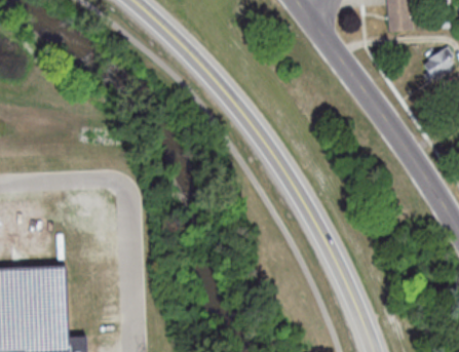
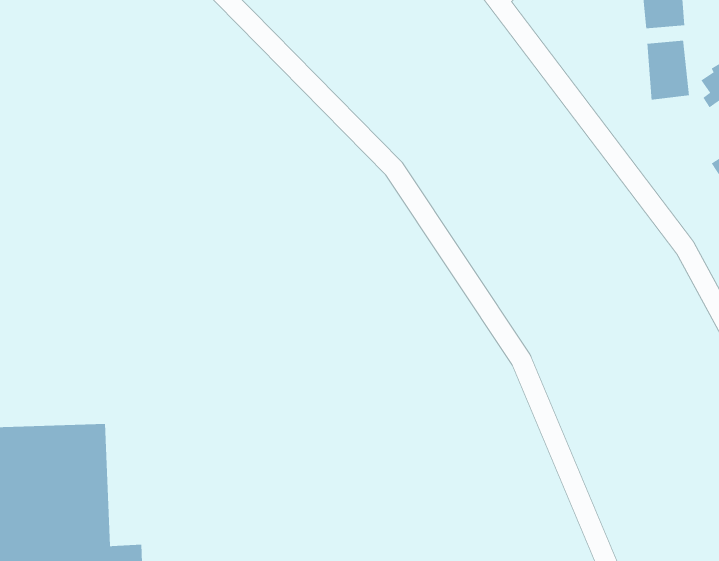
building: none -> [647,40,689,101]

